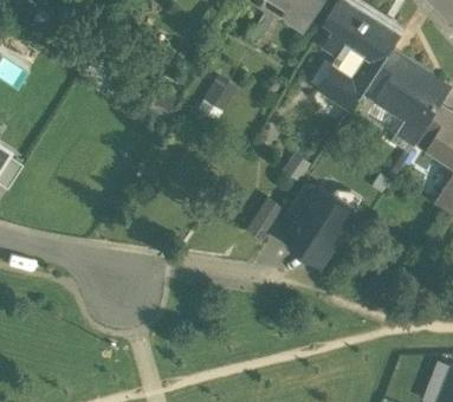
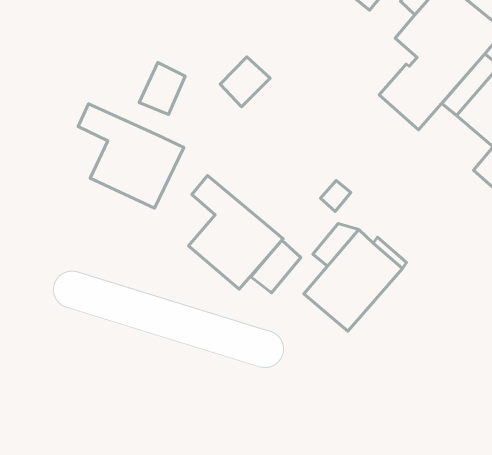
building: none -> [78,104,184,208]
building: none -> [188,175,283,289]

